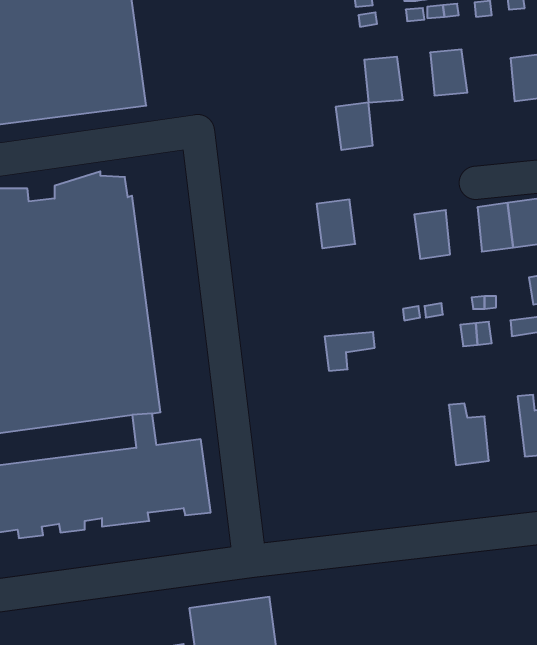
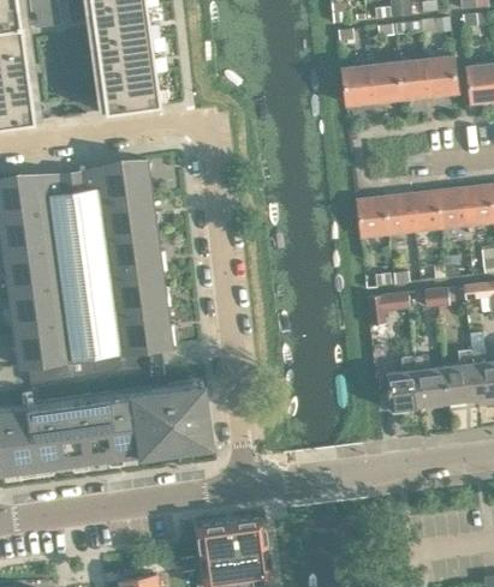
building: none -> [424,55,457,95]
building: [336,103,373,150] -> [370,61,401,101]
building: [317,200,355,248] -> [357,197,389,238]
building: none -> [411,191,441,230]
building: [325,332,375,371] -> [367,293,409,325]
building: none -> [444,349,477,403]
building: none -> [385,357,419,409]

